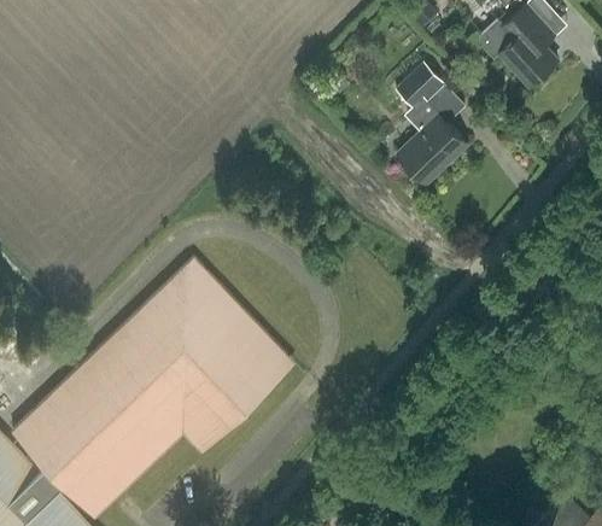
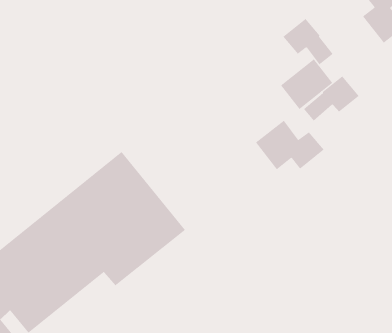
building: none -> [303,75,360,121]
building: none -> [255,120,325,170]

